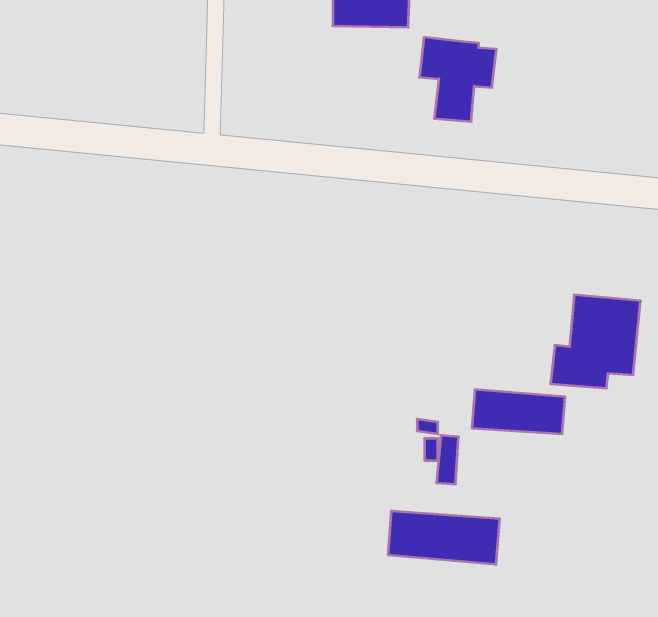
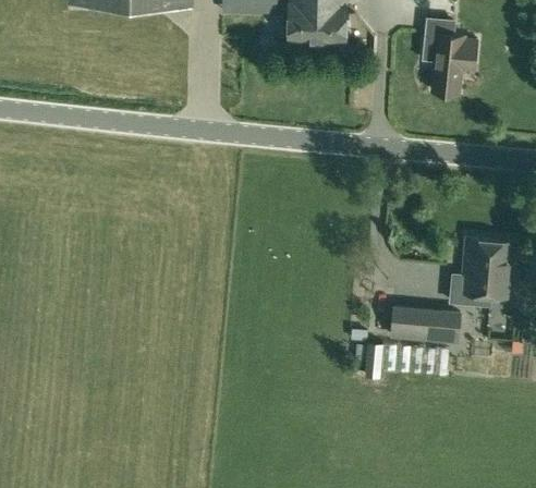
building: [419,37,496,122] -> [421,29,477,91]
building: [388,511,500,565] -> none

